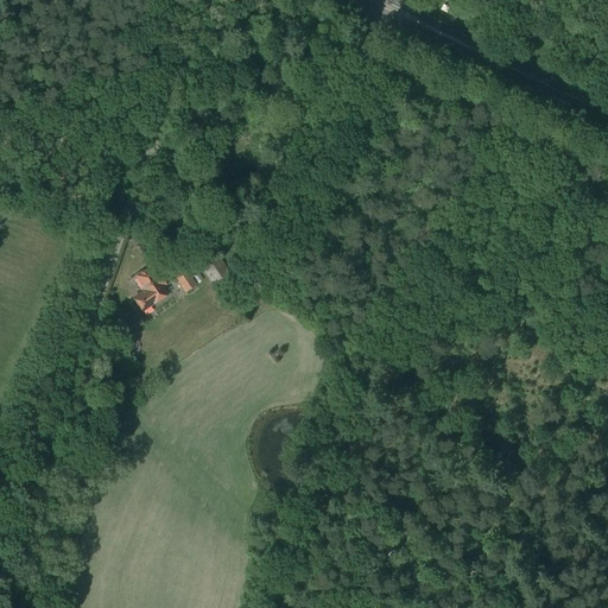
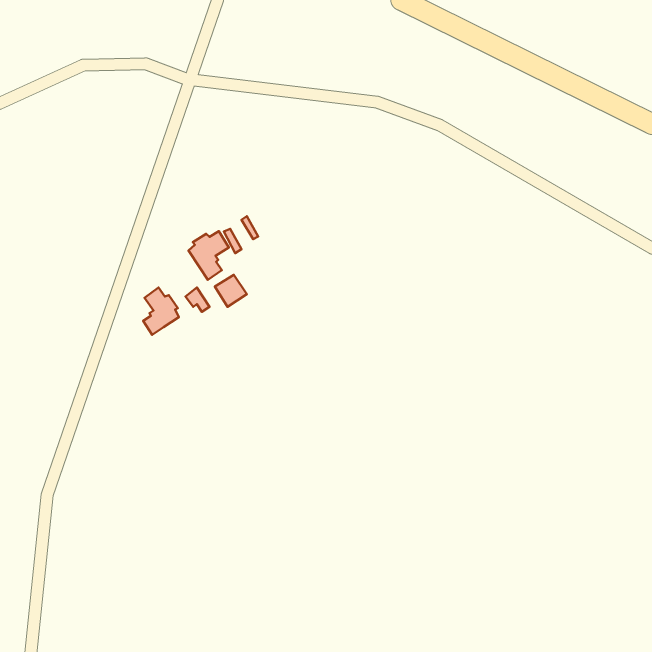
building: none -> [188,231,229,280]

